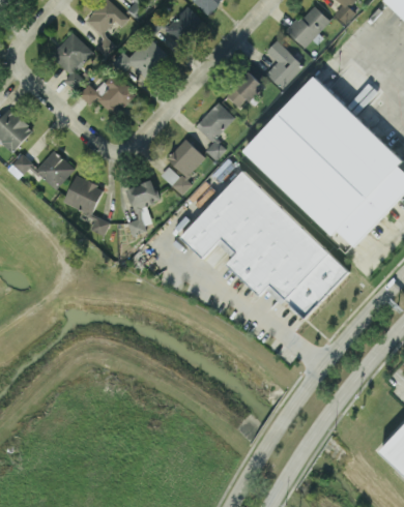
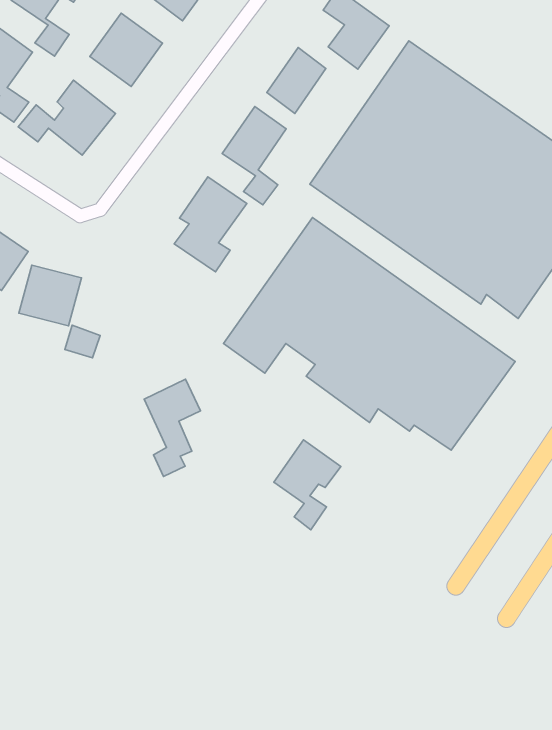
building: [126,180,158,235] -> [144,379,201,476]
building: none -> [274,440,341,530]

